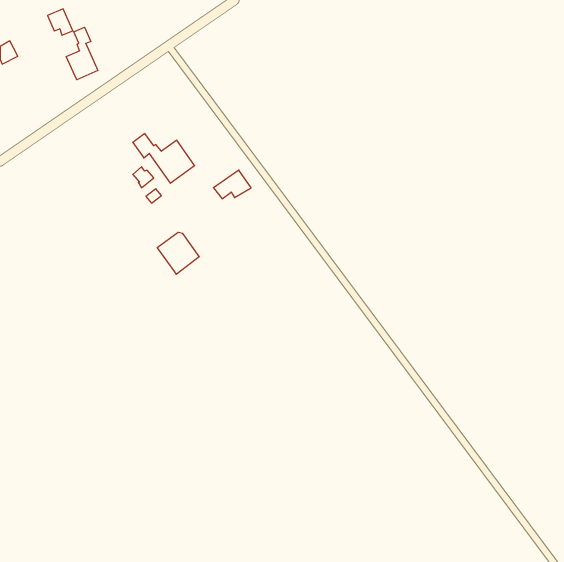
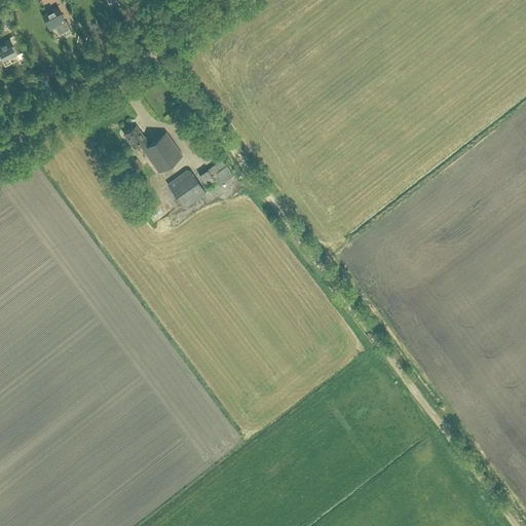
building: [66,27,98,80] -> none
building: [157,232,199,274] -> [167,171,206,210]

